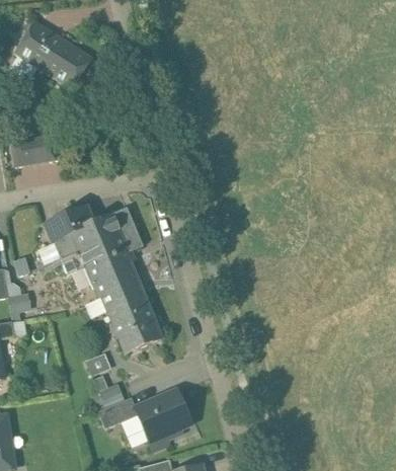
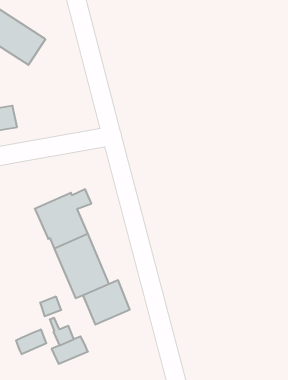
building: [46,207,136,258] -> none
building: none -> [16,329,46,354]
building: [136,390,189,441] -> [83,280,130,325]

